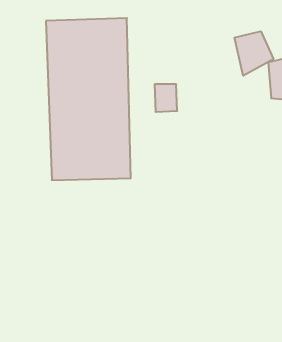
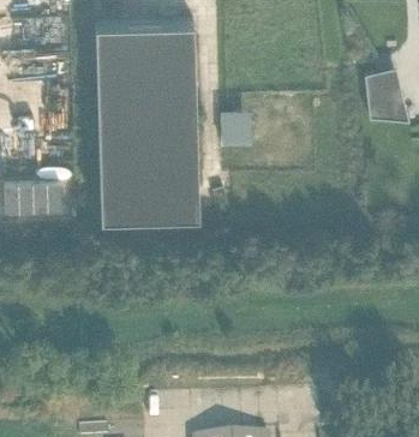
building: [234,31,273,76] -> none

